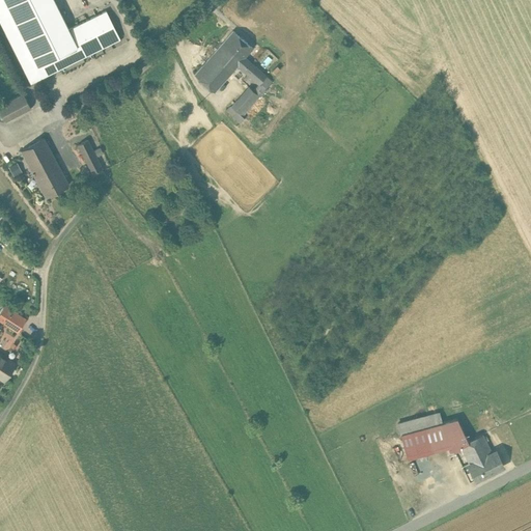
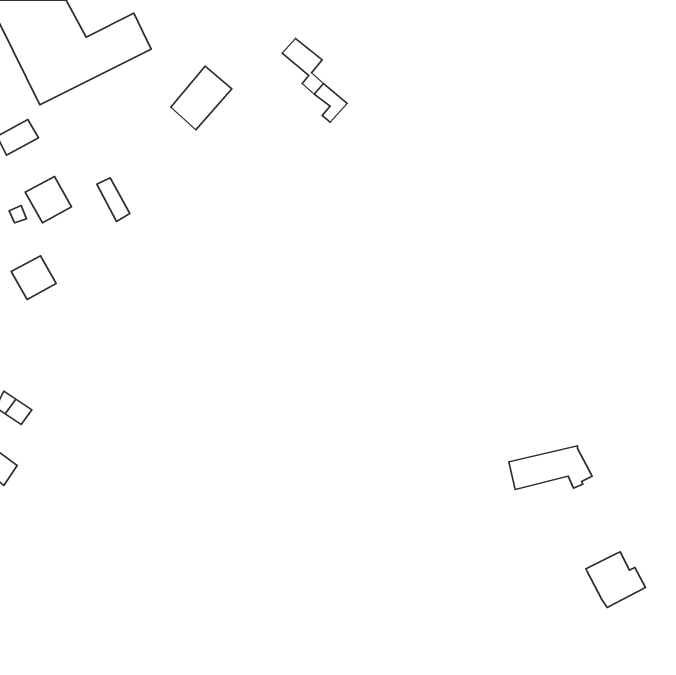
building: [194,44,242,93] -> [171,66,232,130]
building: [230,88,258,118] -> none
building: [33,164,68,198] -> [11,256,56,299]
building: [401,419,467,453] -> [509,446,592,490]

